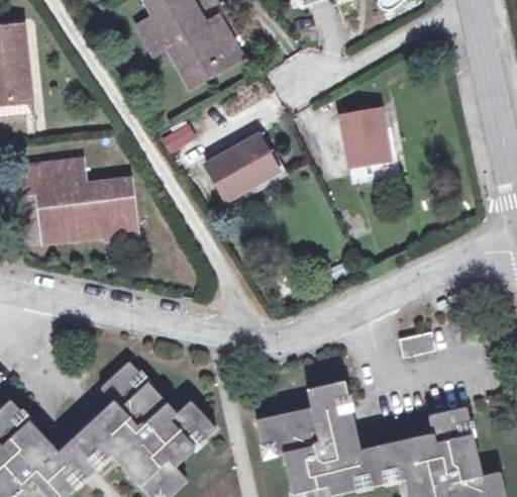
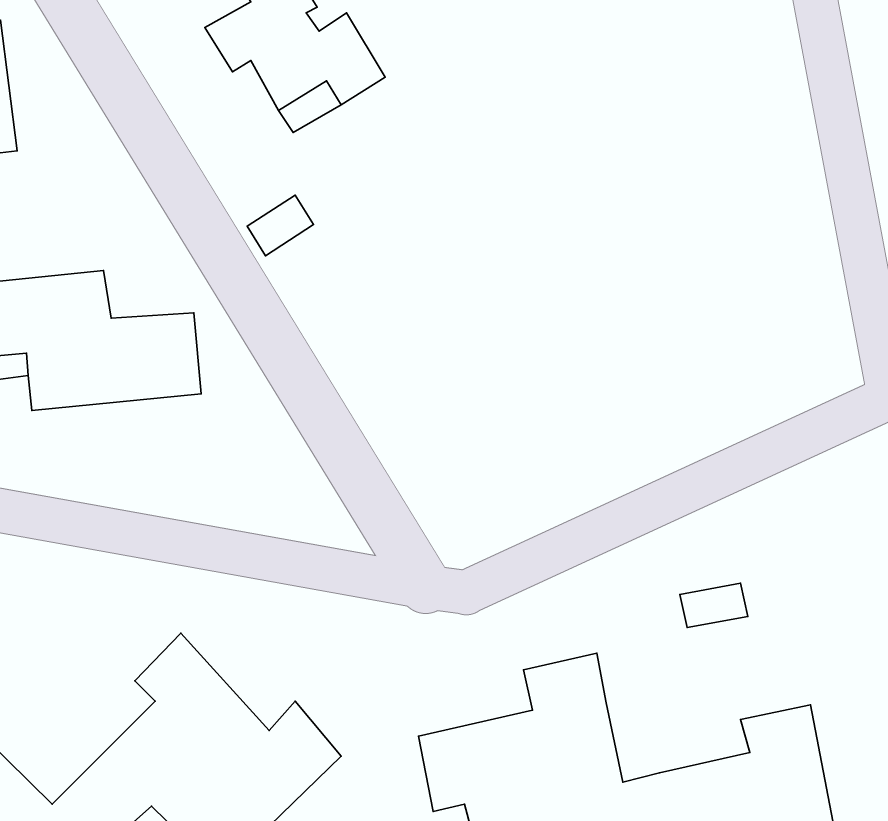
building: [338,110,396,181] -> none
building: [203,135,276,201] -> none

